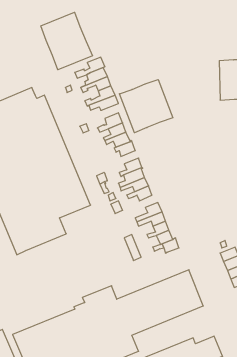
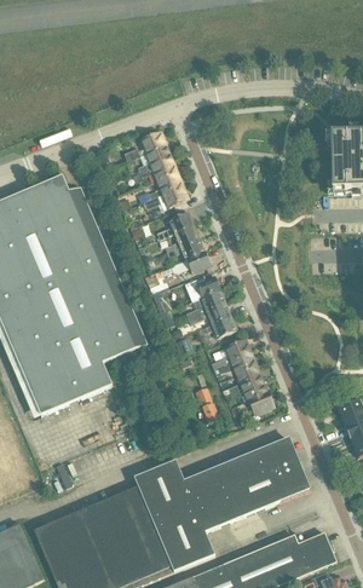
building: [41,12,92,70] -> none
building: [119,80,173,133] -> none

